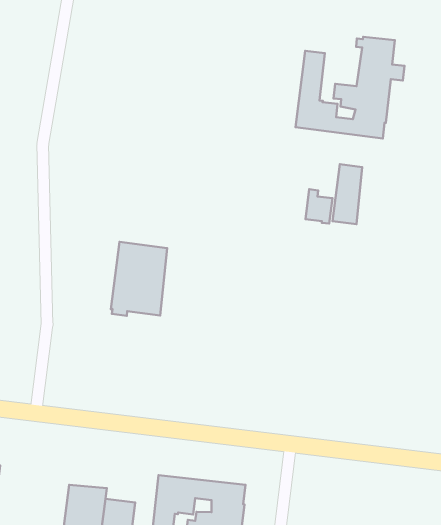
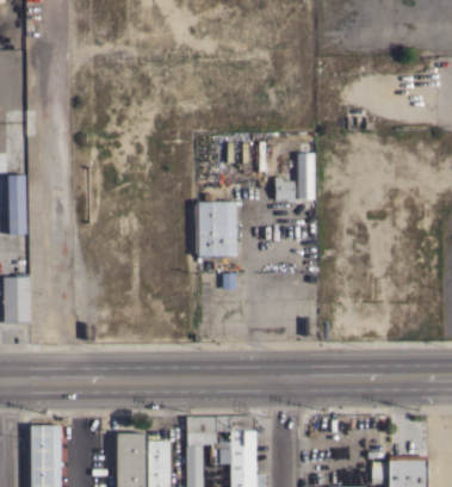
building: [295,37,404,138] -> none
building: [111,242,167,316] -> [197,203,236,260]

